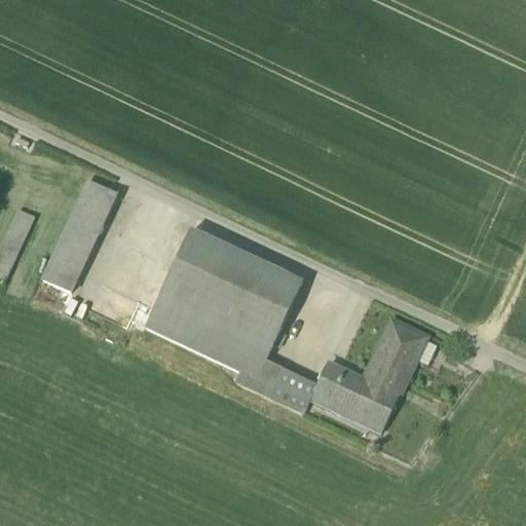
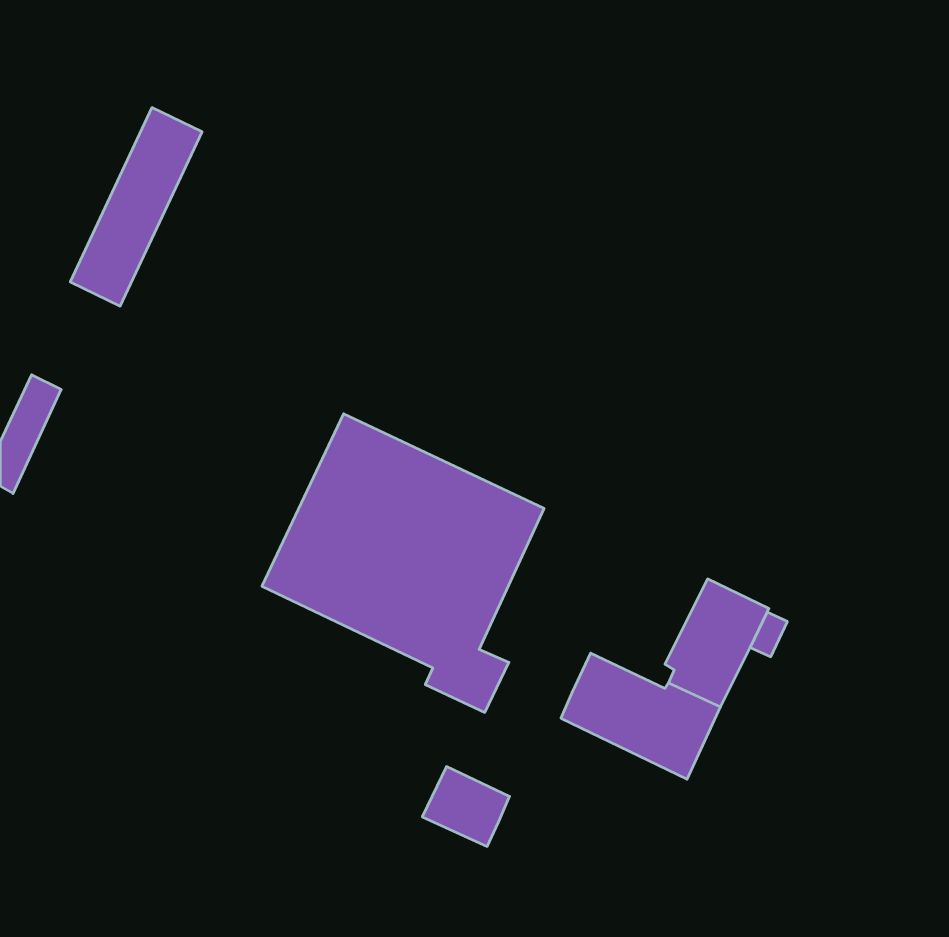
building: [42,180,115,290] -> [70,108,202,306]
building: [268,367,316,411] -> [422,767,510,846]

